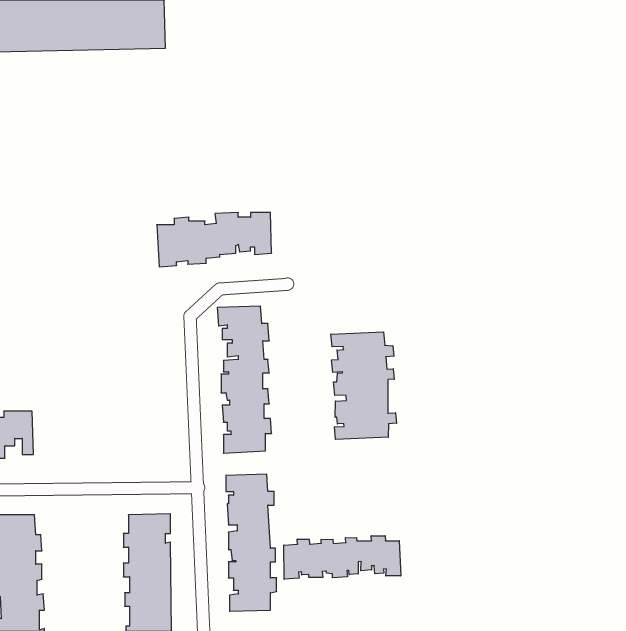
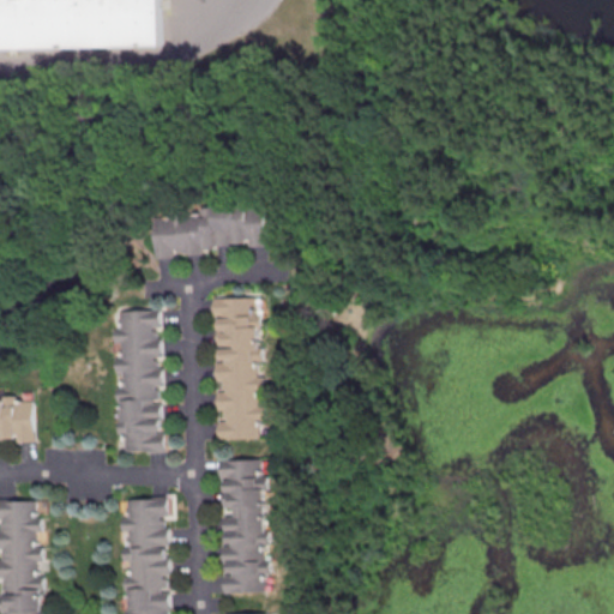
building: none -> [113,311,164,456]
building: [331,332,397,439] -> none
building: [284,536,401,579] -> none

